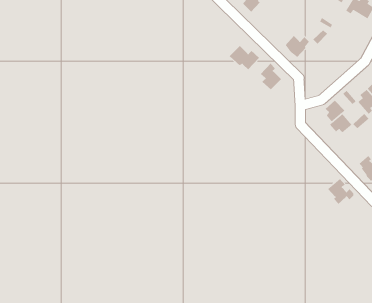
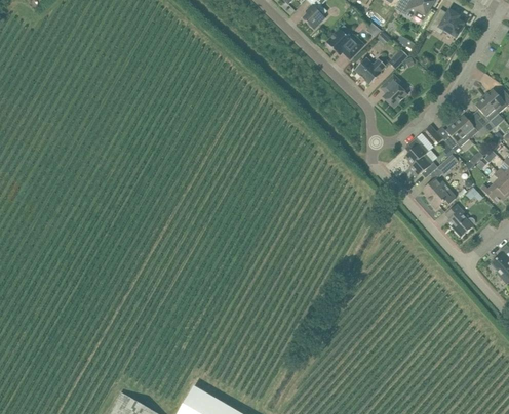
building: [229,45,260,70] -> [326,28,364,58]
building: [260,62,282,90] -> [381,73,407,107]
building: [327,178,354,205] -> [423,175,456,208]

